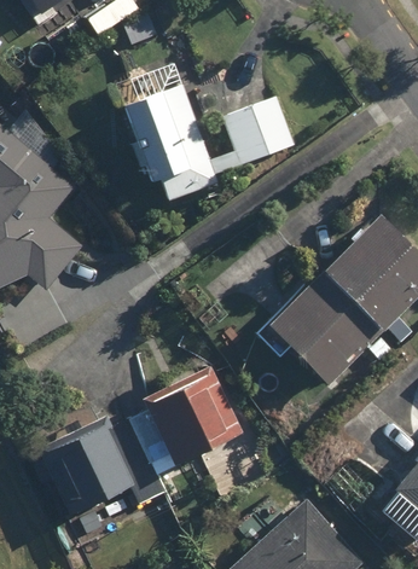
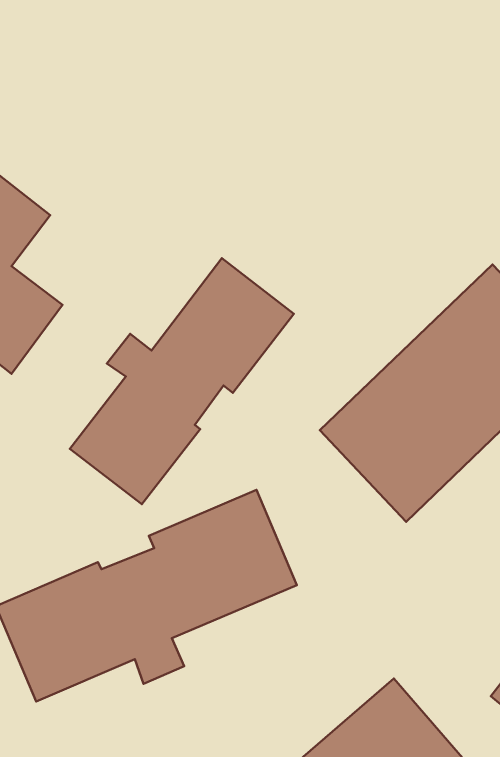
building: [115,86,296,202] -> none
building: none -> [70,258,294,504]

